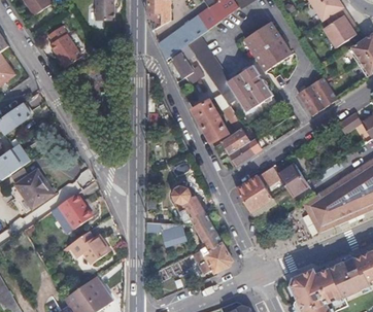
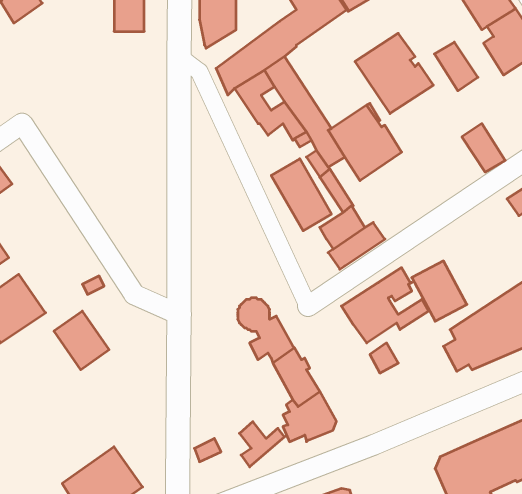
building: [47,26,80,67] -> none
building: [297,85,324,115] -> [434,42,478,91]
building: [145,223,185,246] -> none
building: [67,228,110,265] -> none

